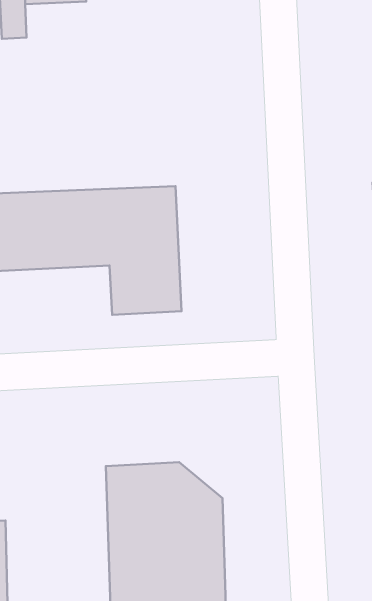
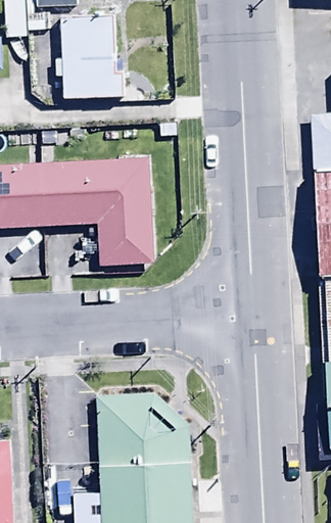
building: none -> [57,13,125,103]

